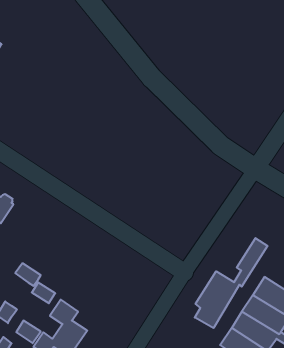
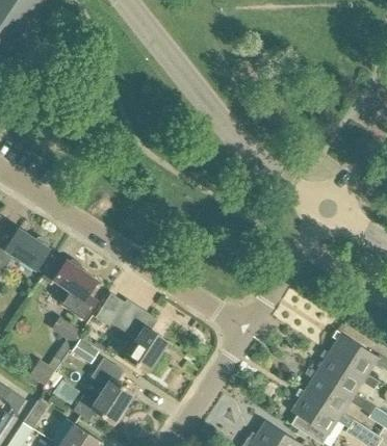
building: none -> [42,259,98,318]
building: [195,238,267,328] -> none
building: none -> [96,293,167,371]

